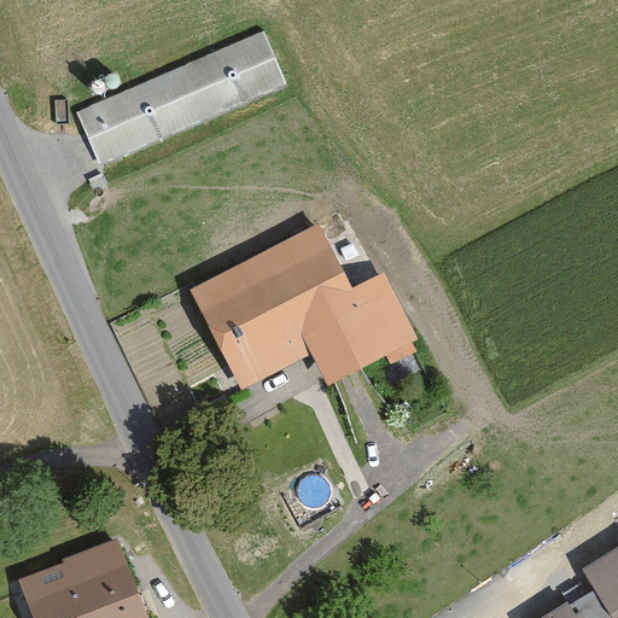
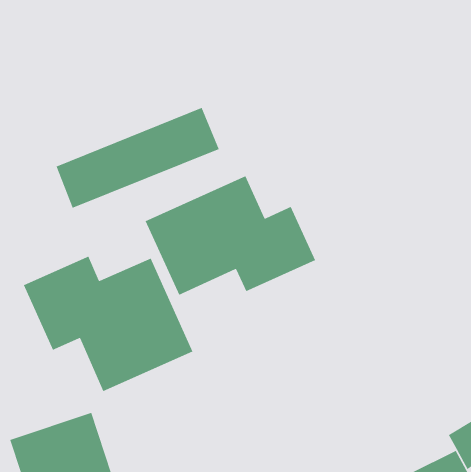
building: [75,30,288,163] -> [56,107,220,209]
building: none -> [23,256,194,392]

